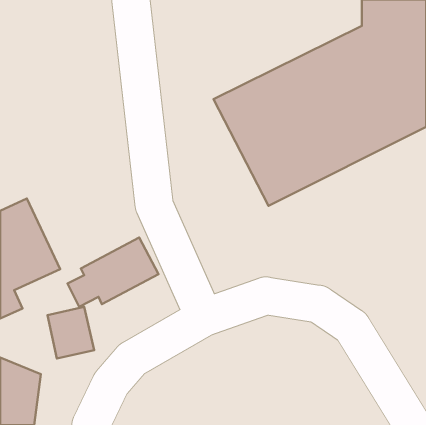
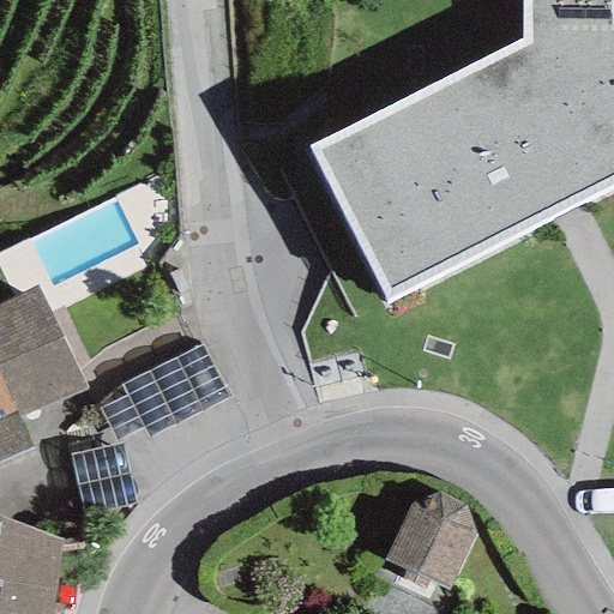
building: none -> [383,490,475,589]

